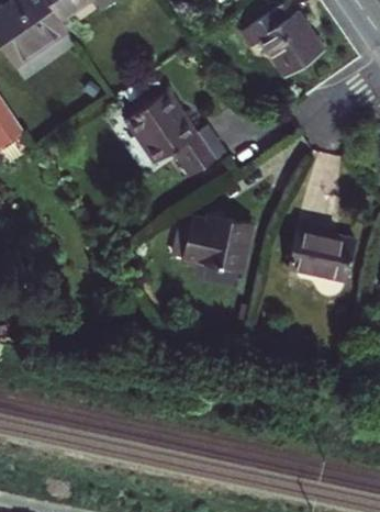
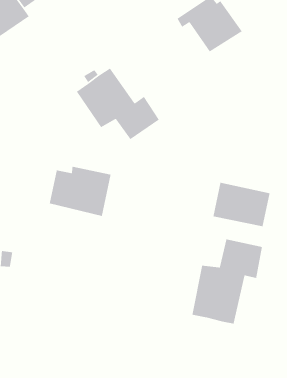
building: [180,213,255,274] -> [49,166,112,217]
building: none -> [191,239,263,325]

